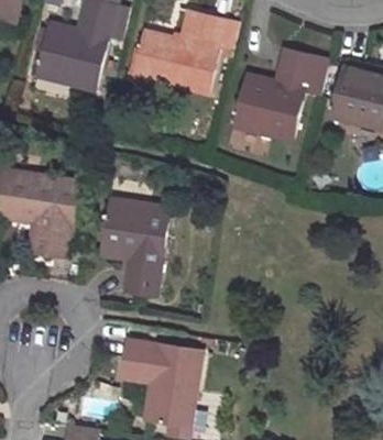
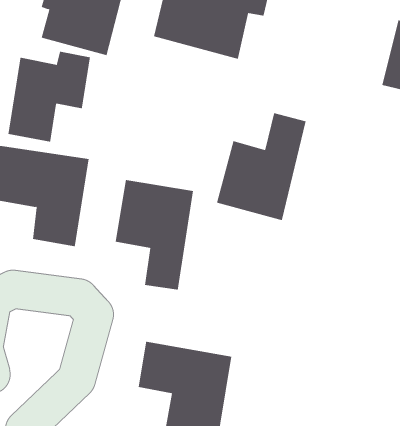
building: [234,48,313,142] -> [216,112,307,221]
building: none -> [8,51,90,143]

